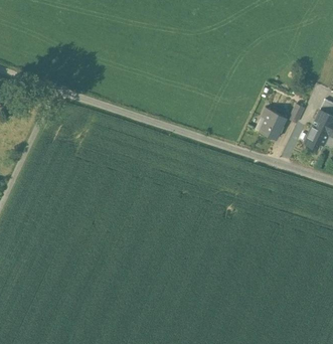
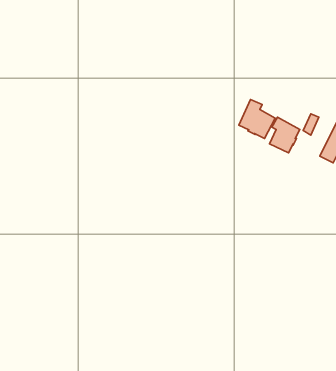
building: none -> [239,99,275,138]

